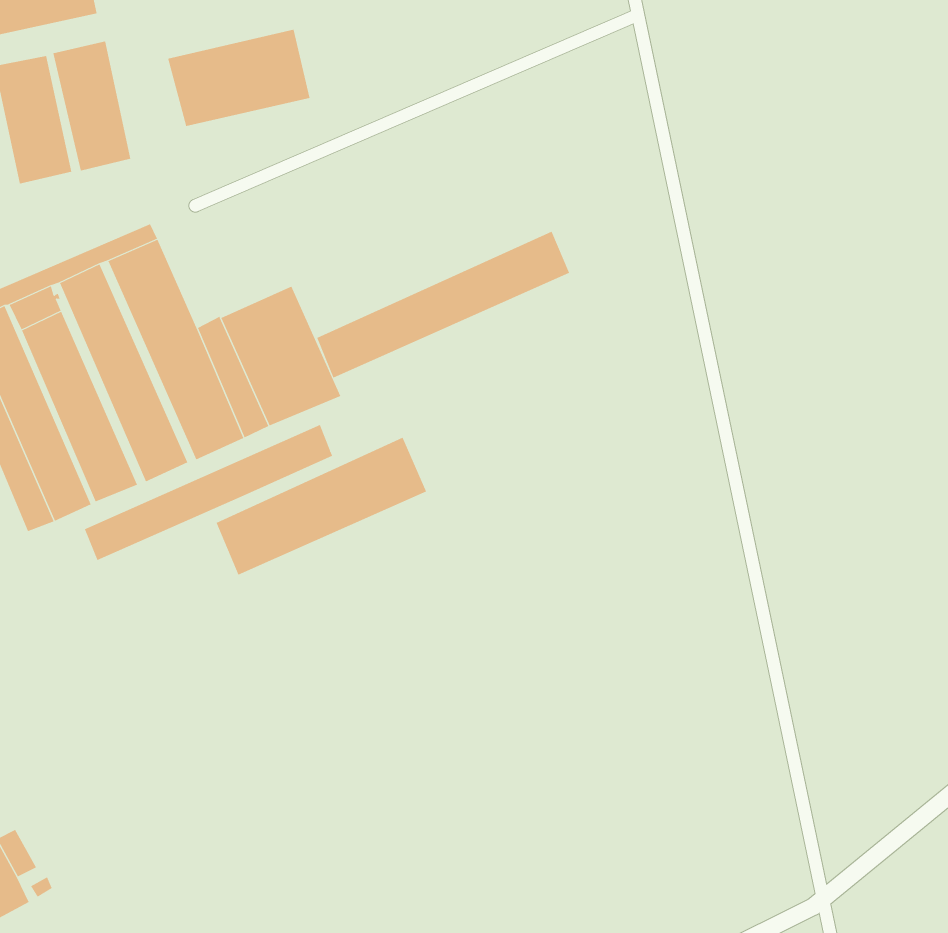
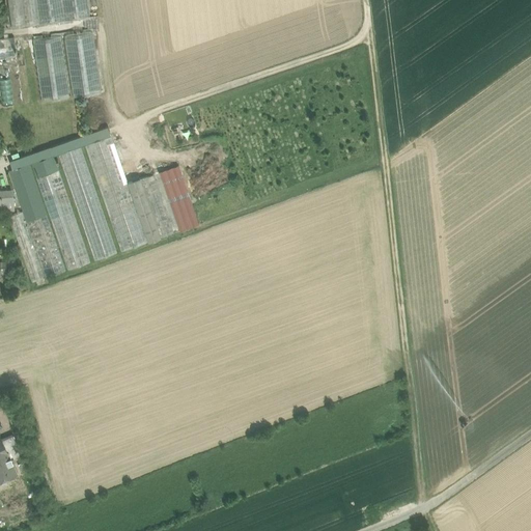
building: [168,29,310,127] -> none
building: [317,231,570,379] -> none
building: [84,424,333,561] -> none
building: [216,437,427,575] -> none

